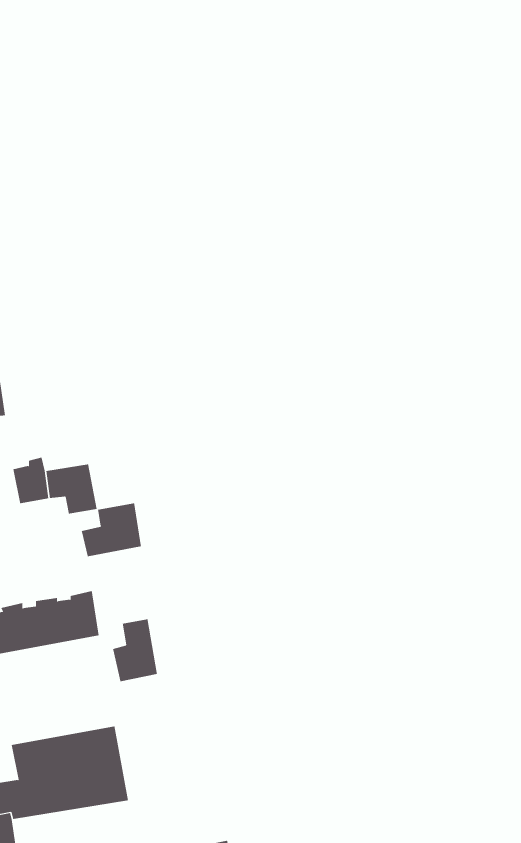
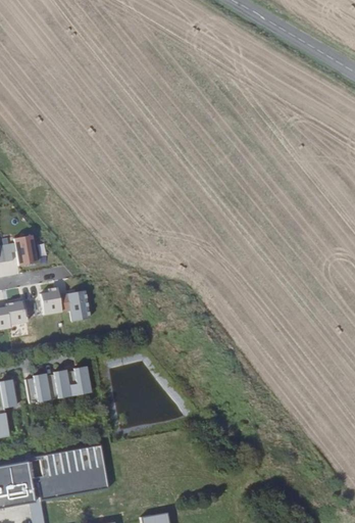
building: [81,502,141,557] -> none
building: [113,618,158,682] -> none

